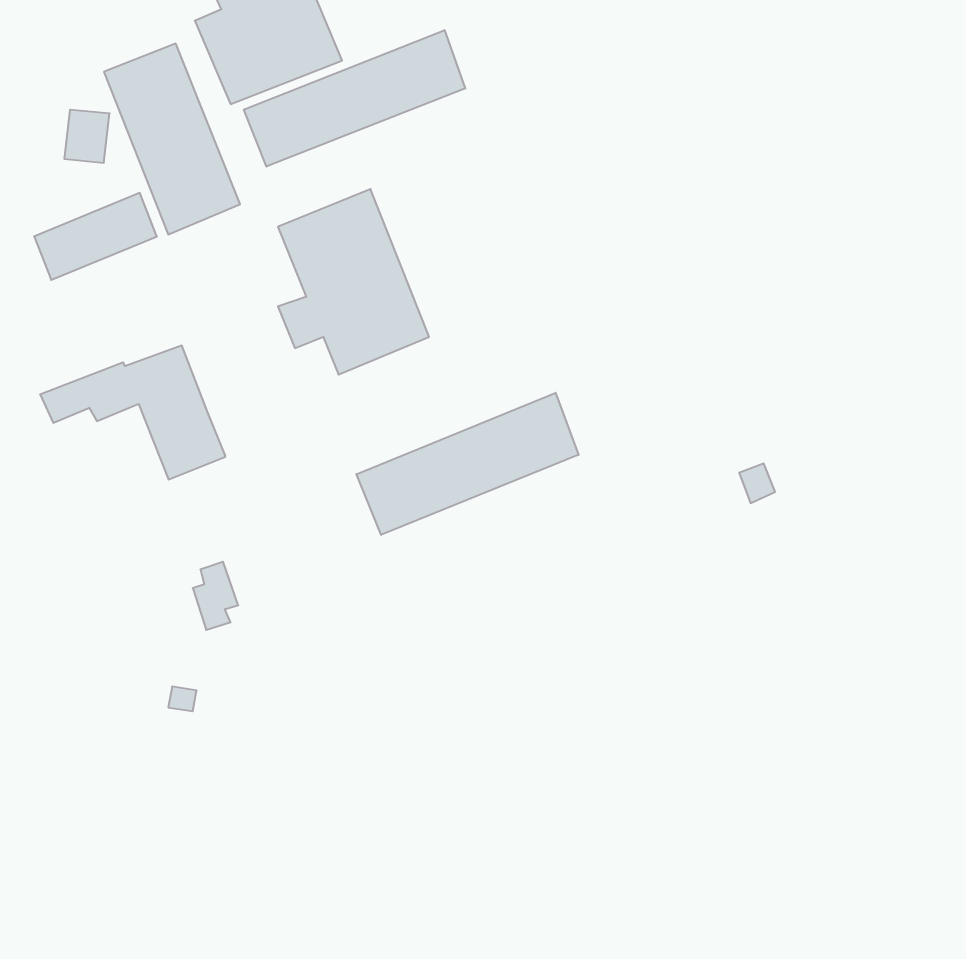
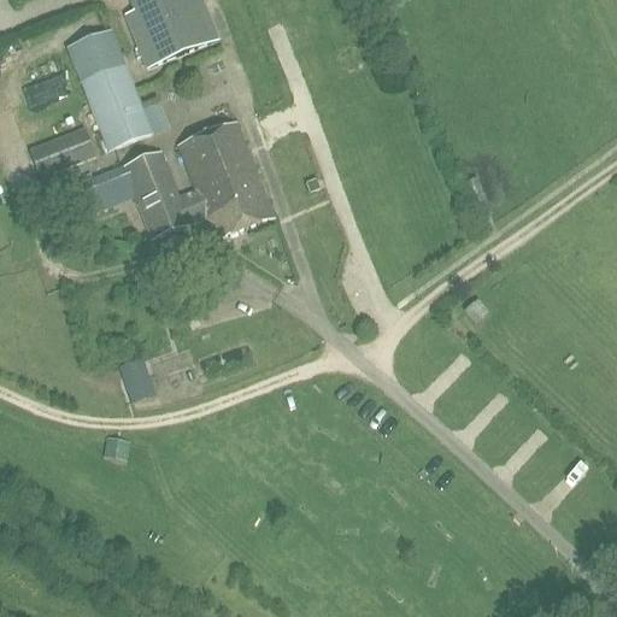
building: [244,30,465,167] -> none
building: [40,345,225,480] -> [70,152,188,237]
building: [356,393,579,535] -> none

